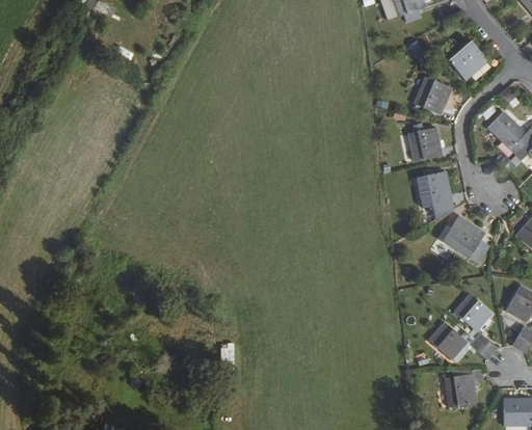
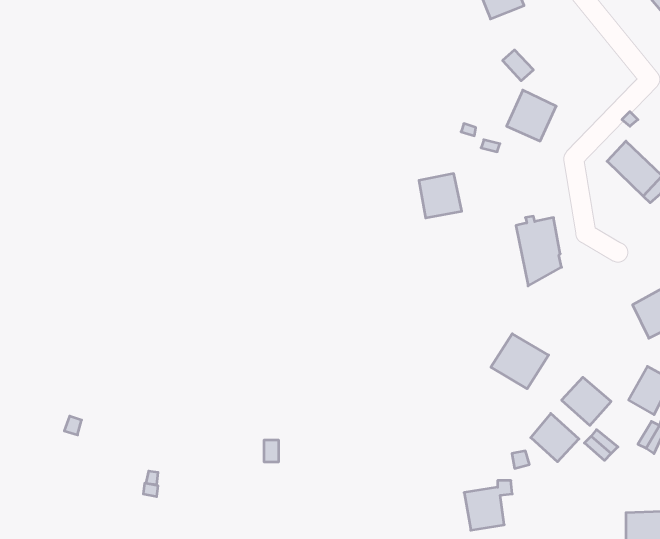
building: [445,34,485,75] -> none
building: [404,127,437,161] -> [419,174,462,218]
building: [443,219,487,262] -> [491,334,549,389]
building: [445,369,482,407] -> [464,481,512,530]

